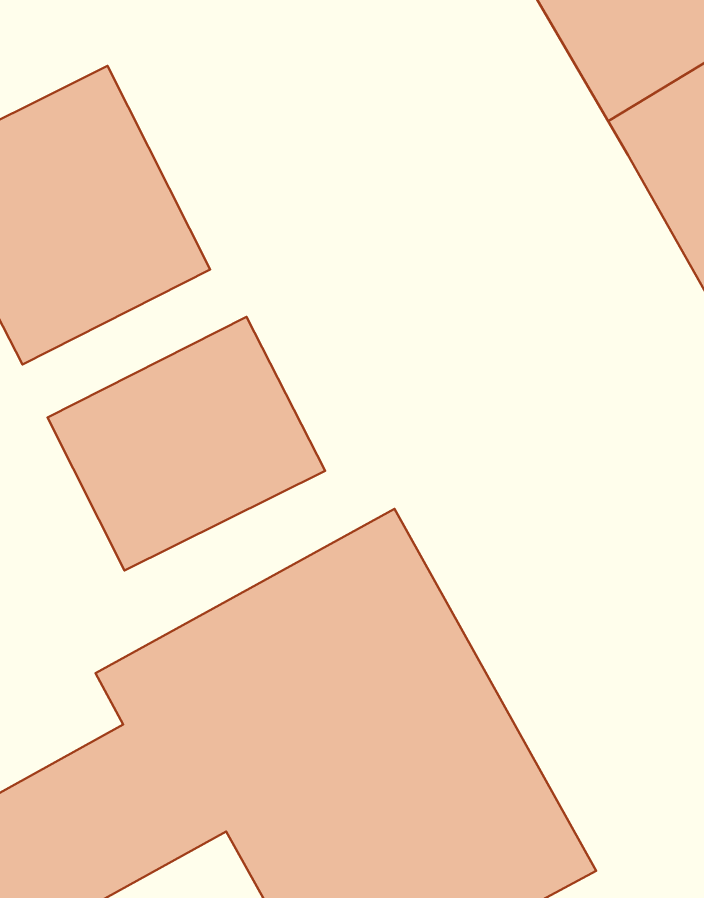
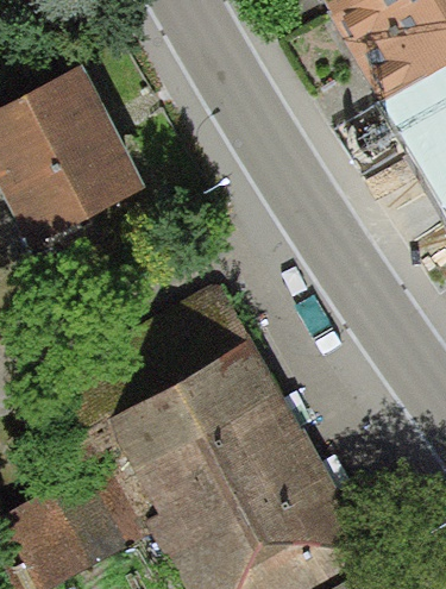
building: [47,317,325,571] -> none

